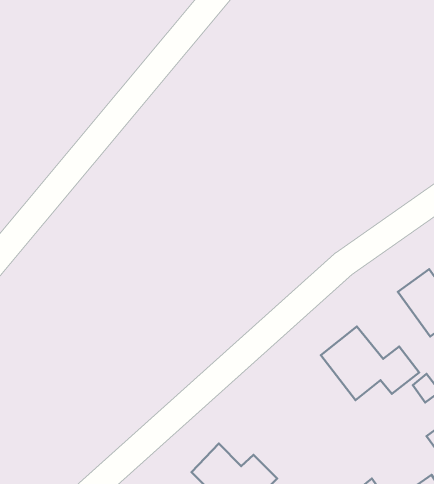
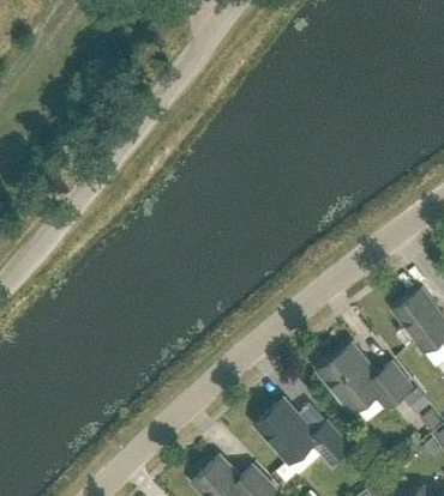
building: none -> [256,399,350,464]

